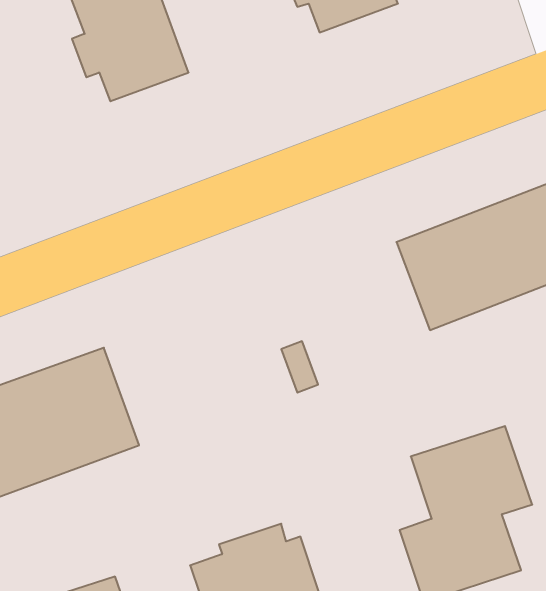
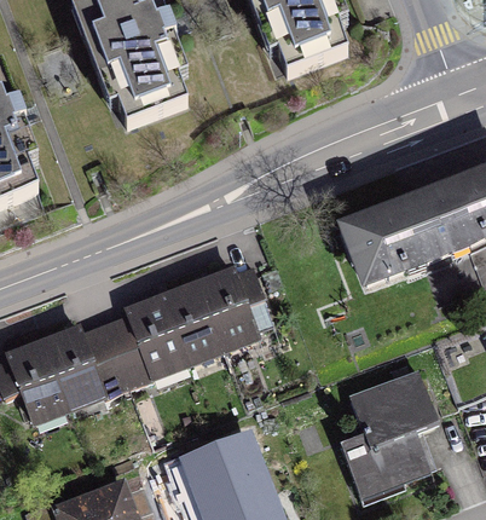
building: none -> [120,260,267,381]

